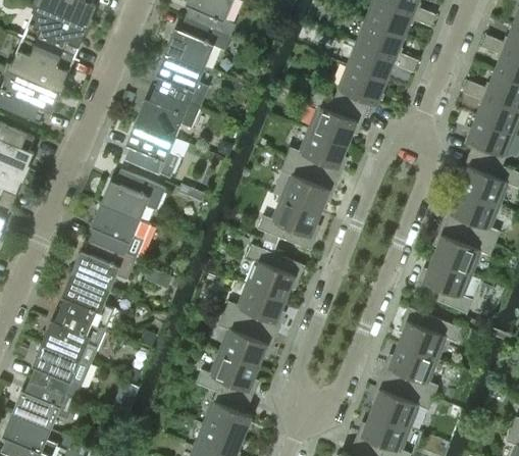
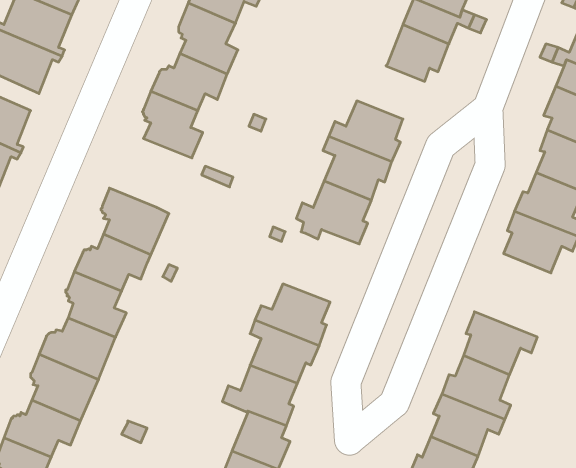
building: [308,89,366,144] -> none
building: [101,170,166,218] -> none
building: [247,240,305,298] -> none
building: [414,257,472,312] -> none

